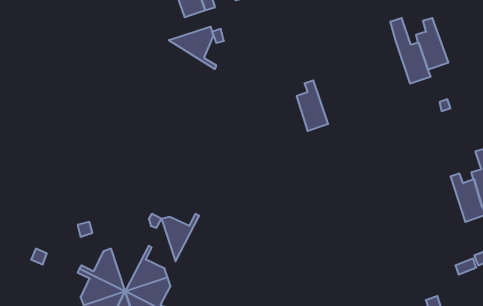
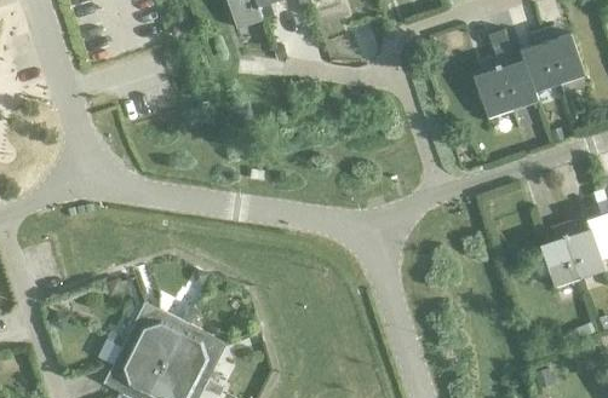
building: none -> [541,25,585,83]
building: [169,27,216,69] -> none
building: [297,80,328,131] -> [475,56,514,117]
building: none -> [541,223,581,287]
building: [162,214,199,261] -> [148,305,194,363]

